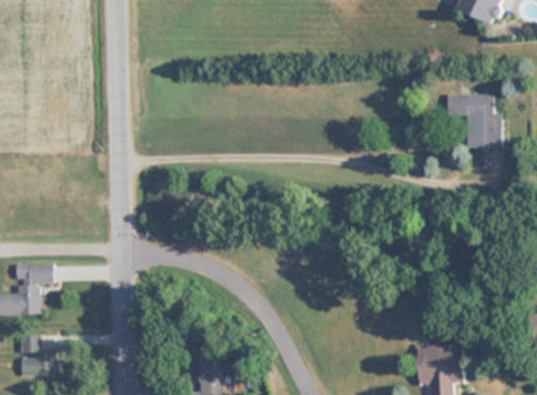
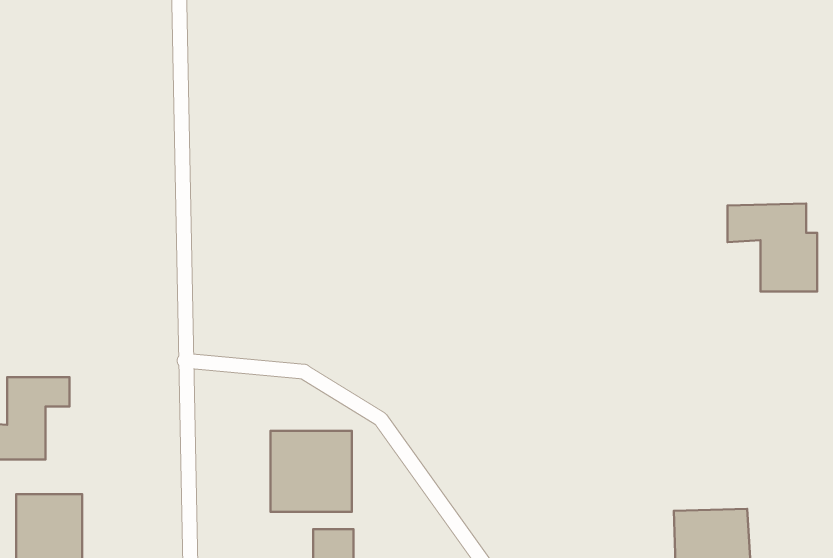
building: [446,93,500,146] -> [728,204,817,291]
building: none -> [271,431,352,512]

